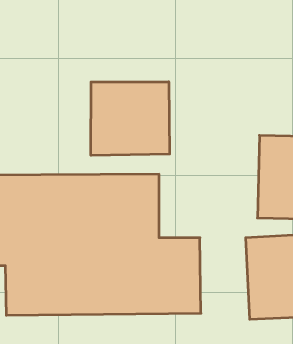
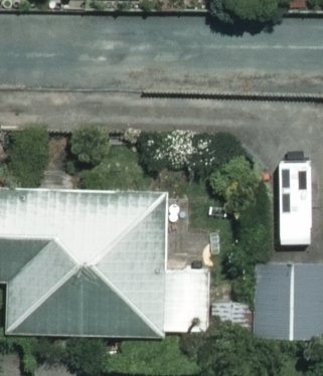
building: [91,82,170,155] -> none

